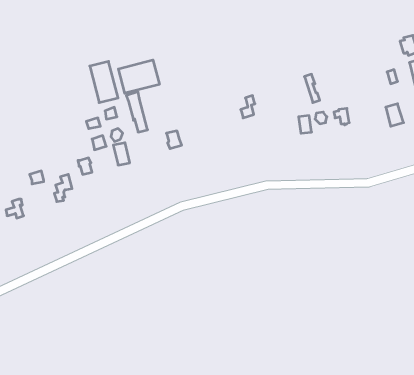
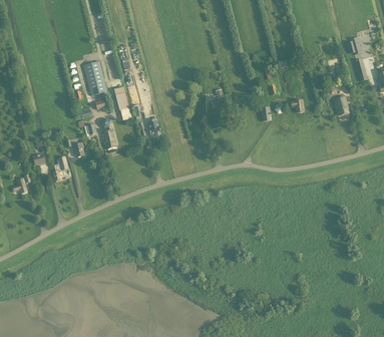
building: [118,60,159,93] -> none

